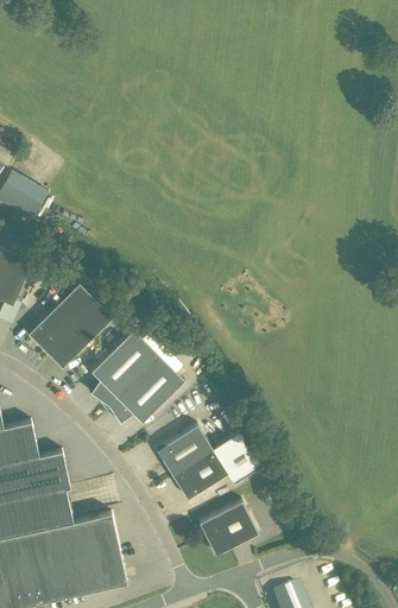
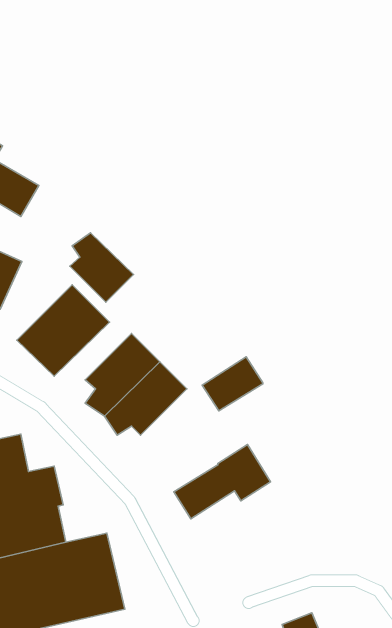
building: none -> [70,233,134,302]
building: [157,425,213,475] -> [202,357,263,411]
building: [200,501,258,556] -> none

